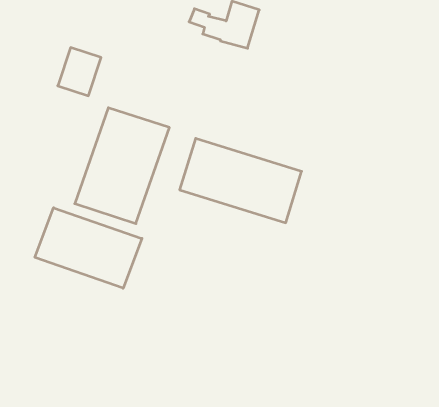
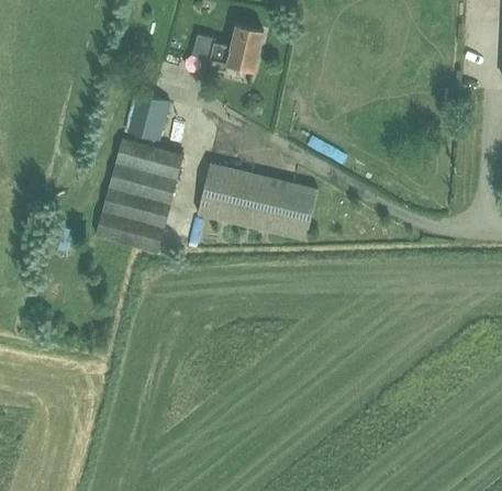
building: [58,48,101,96] -> [130,93,170,140]
building: [35,208,142,288] -> none

